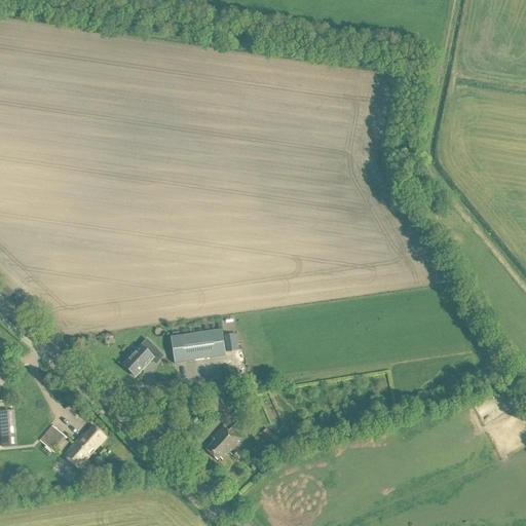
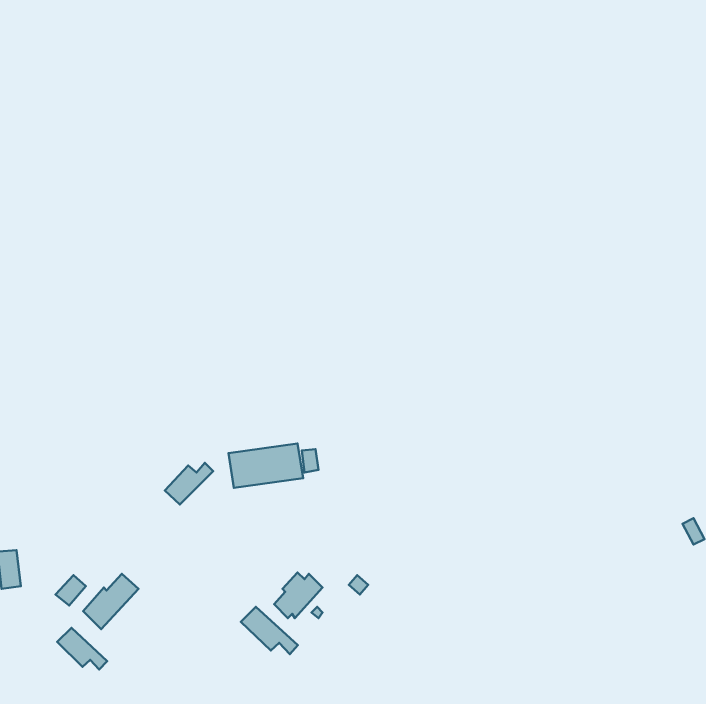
building: none -> [241,607,298,654]
building: none -> [57,628,107,669]

